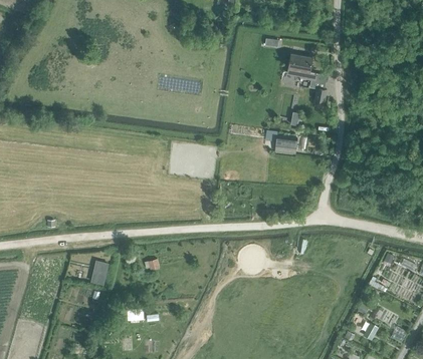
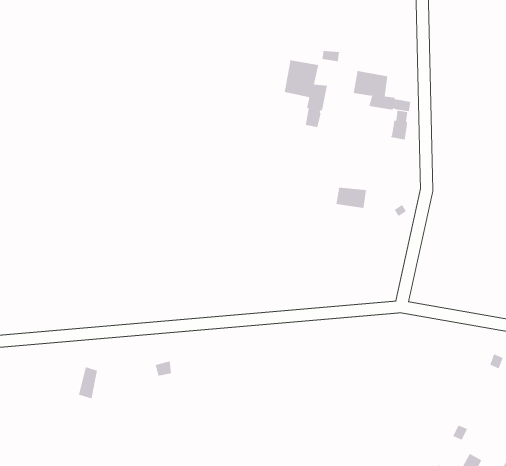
building: none -> [284,60,327,128]

